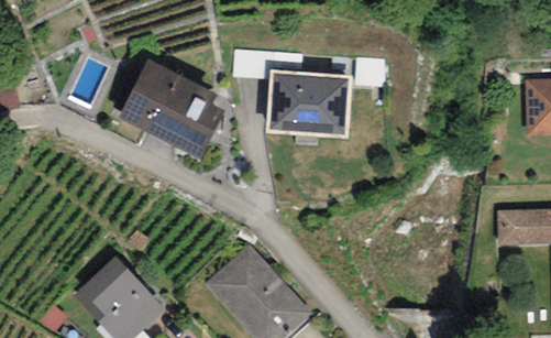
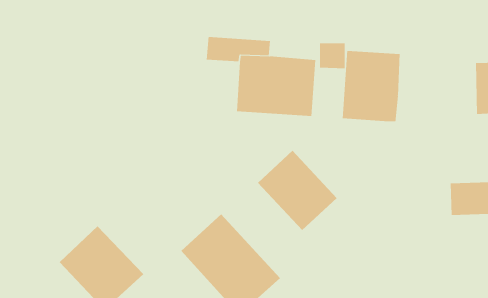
building: [119,58,224,157] -> none
building: none -> [342,50,400,122]
building: none -> [257,150,338,231]

